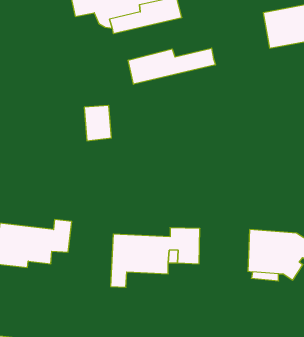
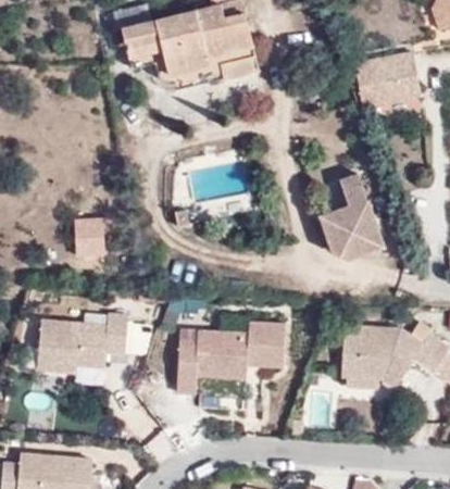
building: [128,48,215,84] -> none
building: none -> [323,174,384,259]
building: [84,105,111,141] -> [74,215,107,258]

